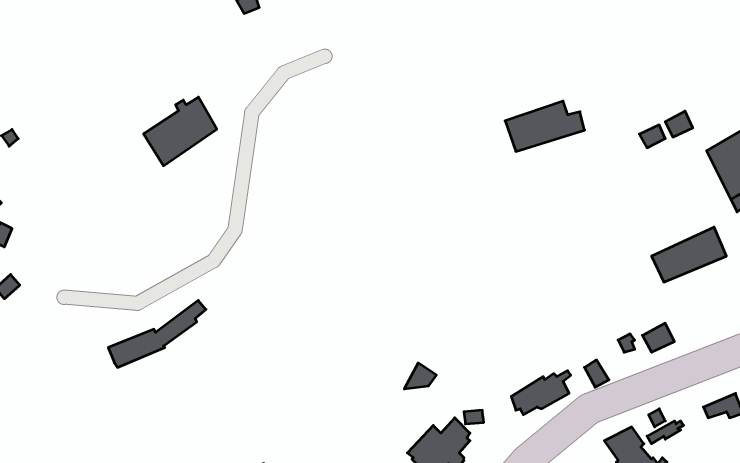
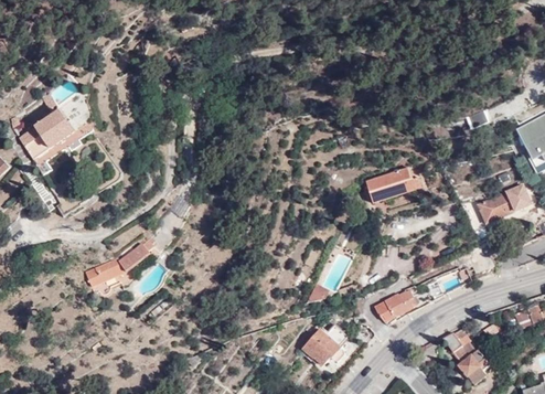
building: [144,97,217,166] -> [19,108,72,158]
building: [505,101,585,151] -> [367,167,425,203]

